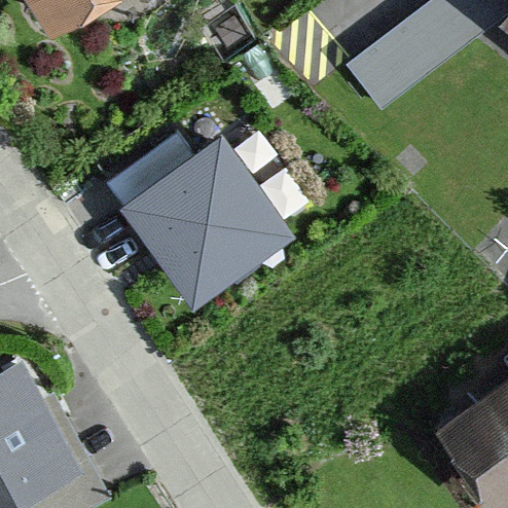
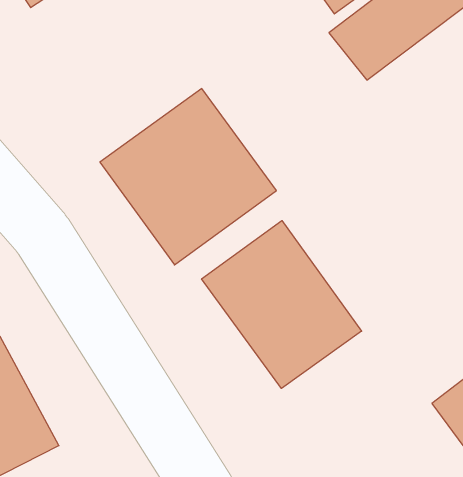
building: none -> [202,221,362,388]

